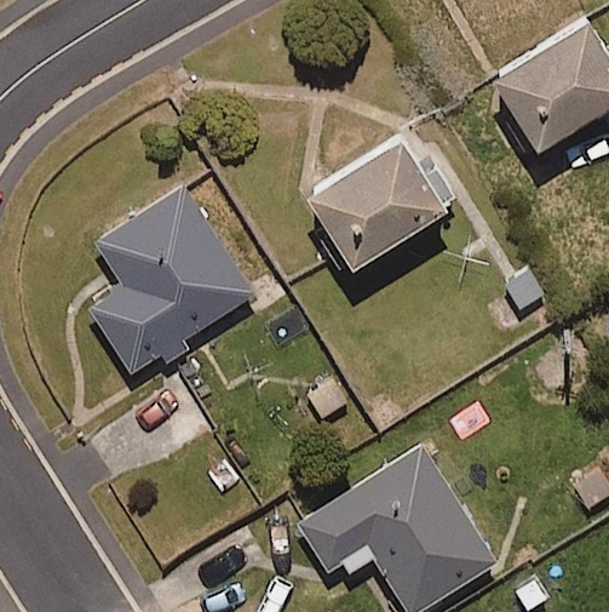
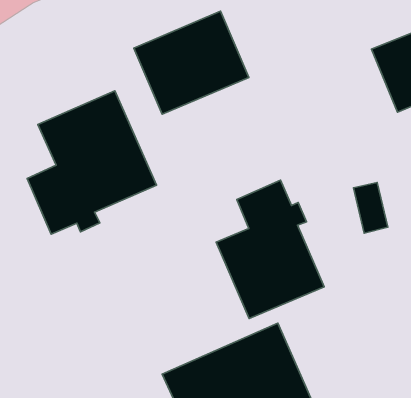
building: [311,127,456,264] -> [134,11,249,114]
building: none -> [216,180,324,319]

